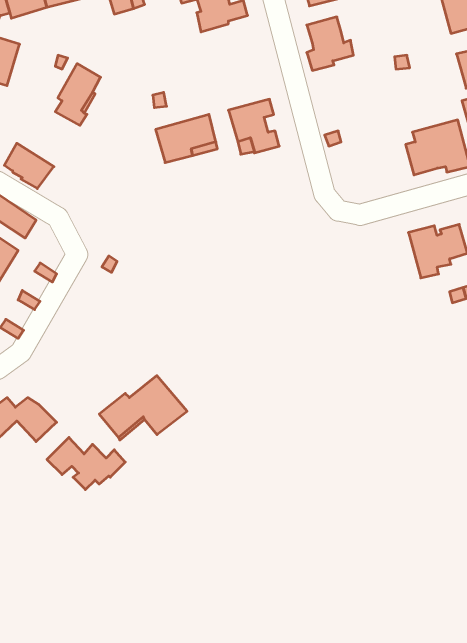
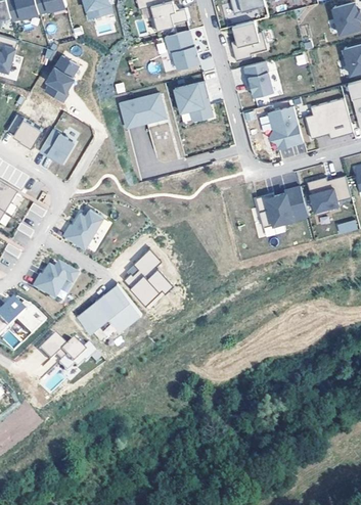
building: none -> [164,30,198,70]
building: none -> [242,61,273,96]
building: none -> [268,105,303,148]
building: none -> [38,130,74,163]
building: none -> [257,186,308,227]
building: none -> [63,211,102,247]
building: none -> [126,246,174,303]
building: none -> [32,264,76,301]

